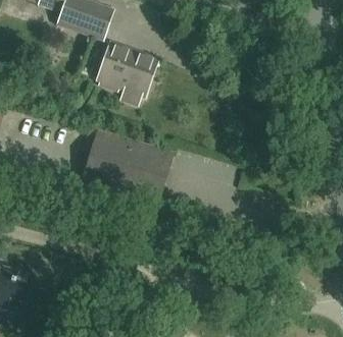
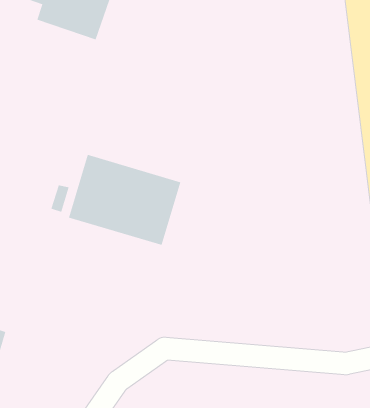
building: [96,42,156,95] -> none

